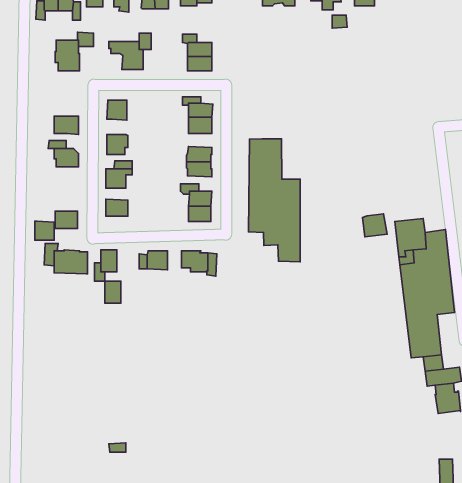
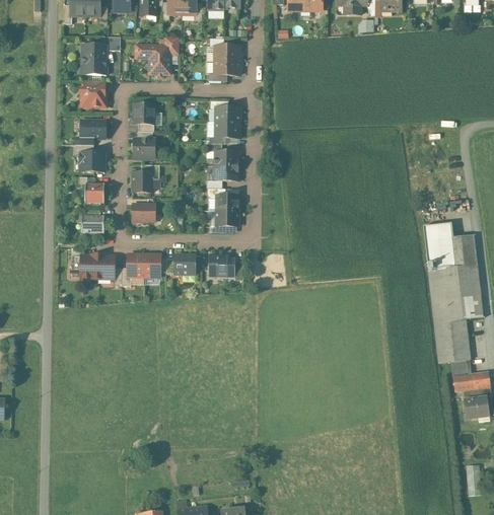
building: none -> [81,88,105,107]
building: [249,139,300,262] -> none
building: [363,214,387,237] -> none
building: [35,221,54,240] -> [84,183,103,203]
building: [105,281,121,303] -> [143,254,159,277]

